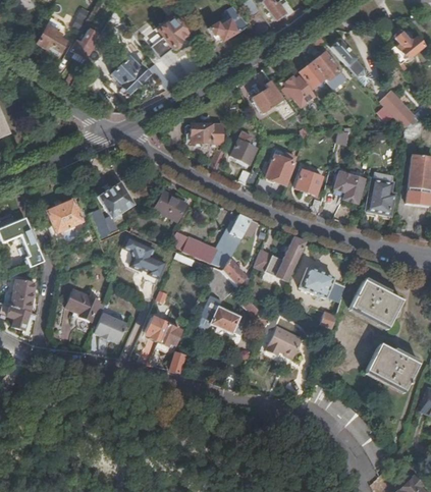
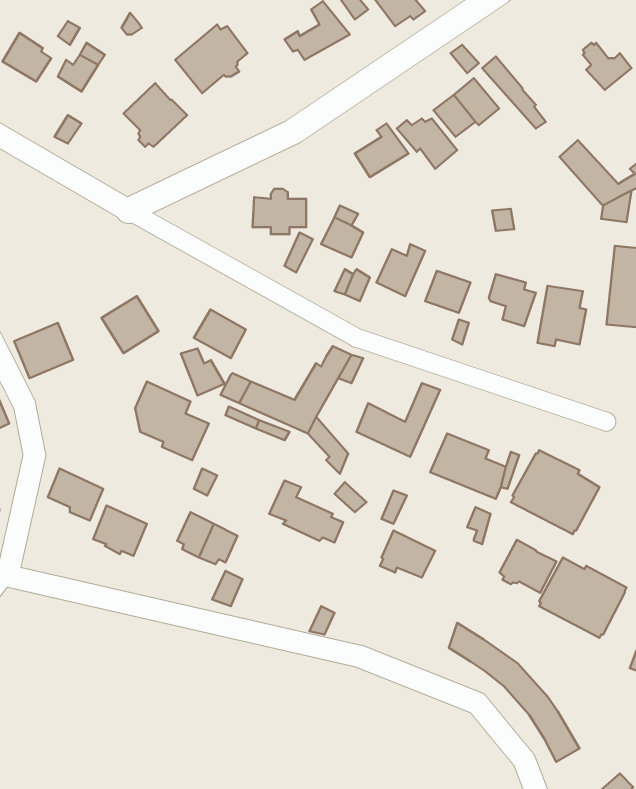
building: [89,210,115,238] -> [181,349,224,395]
building: none -> [500,540,557,593]

